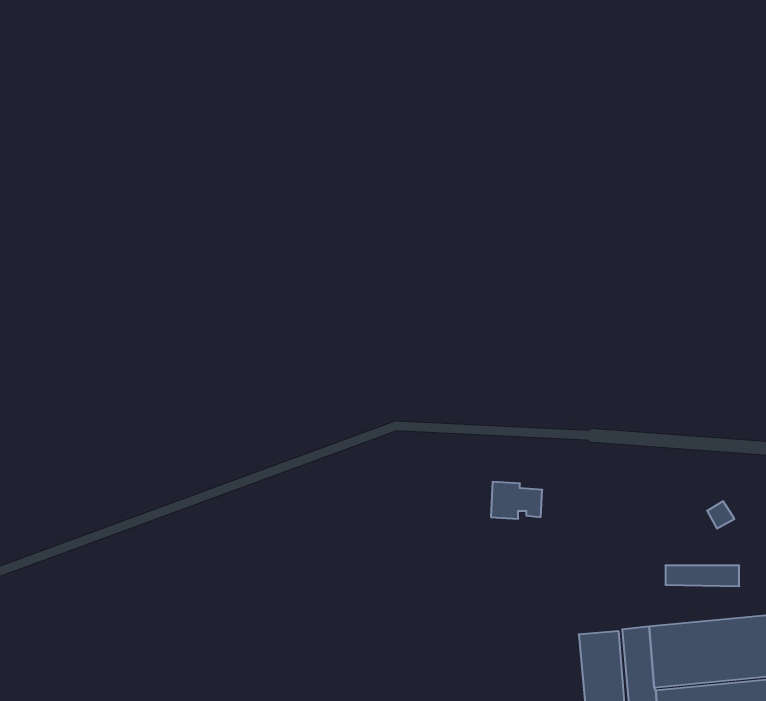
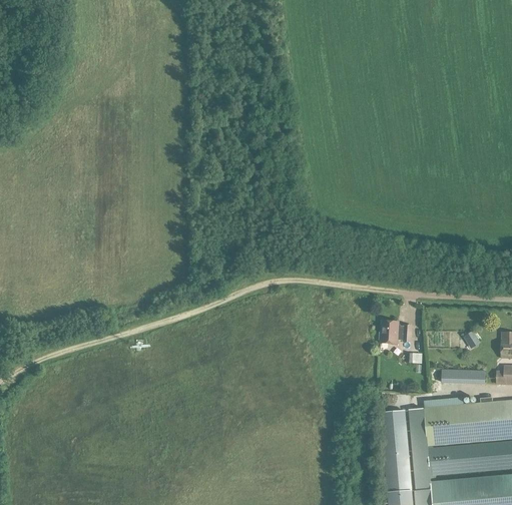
building: [491,482,542,519] -> [382,322,414,345]

